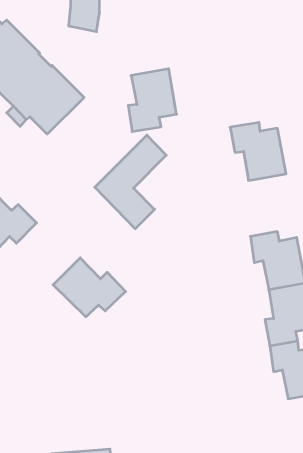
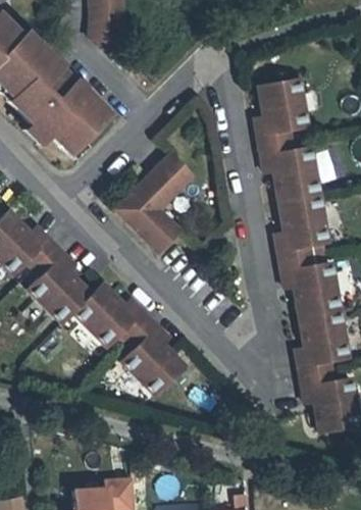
building: [128,69,177,132] -> [255,79,306,145]
building: none -> [275,194,326,260]
building: none -> [28,246,90,322]
building: none -> [121,318,184,394]

